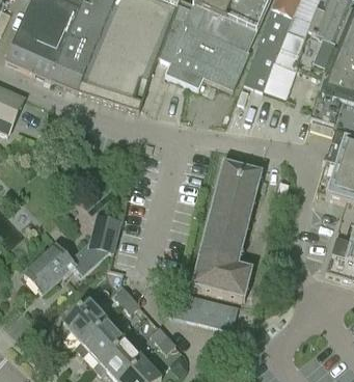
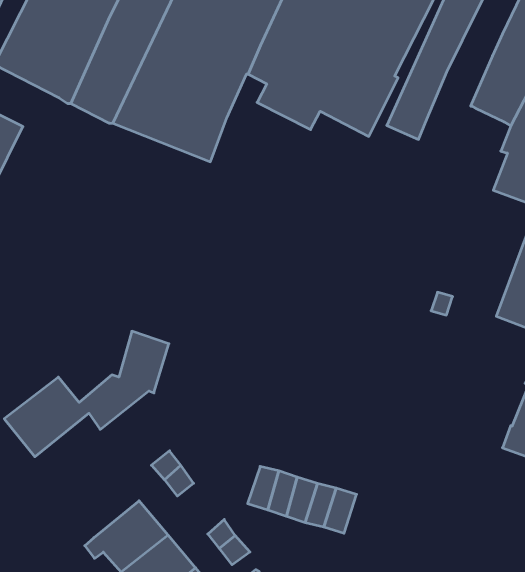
building: [264,28,305,97] -> none
building: [191,160,262,299] -> none
building: [58,297,108,340] -> none

